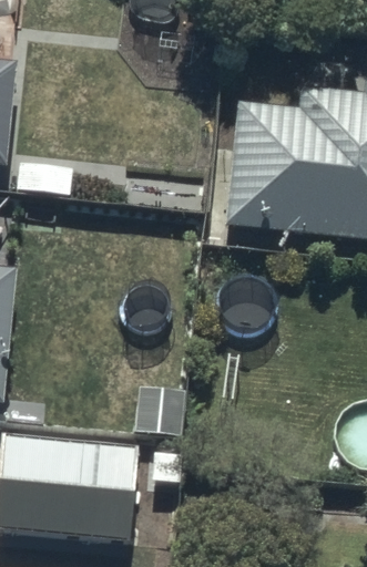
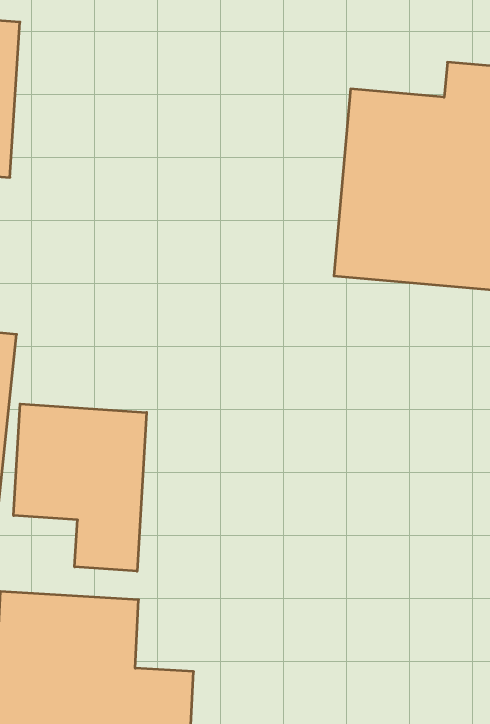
building: none -> [14,404,147,571]

